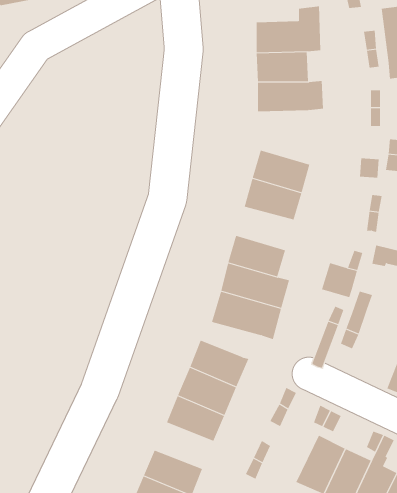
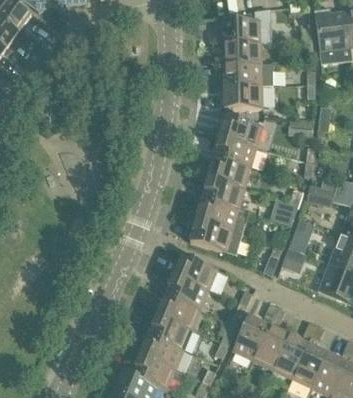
building: none -> [224,86,263,109]
building: none -> [208,157,251,189]
building: none -> [148,316,192,350]
building: none -> [233,316,269,360]

